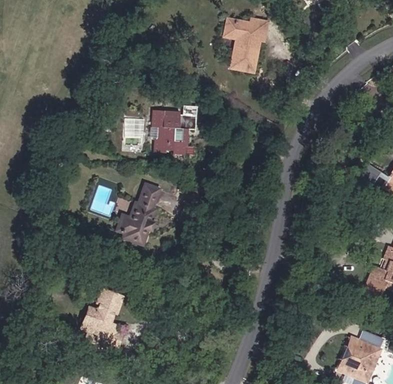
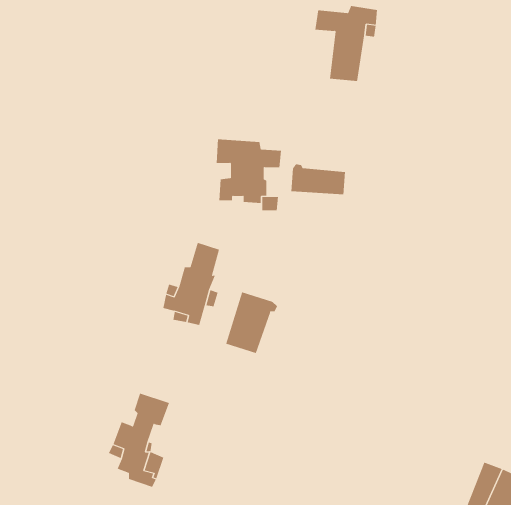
building: none -> [291,163,345,195]
building: none -> [226,292,278,354]

